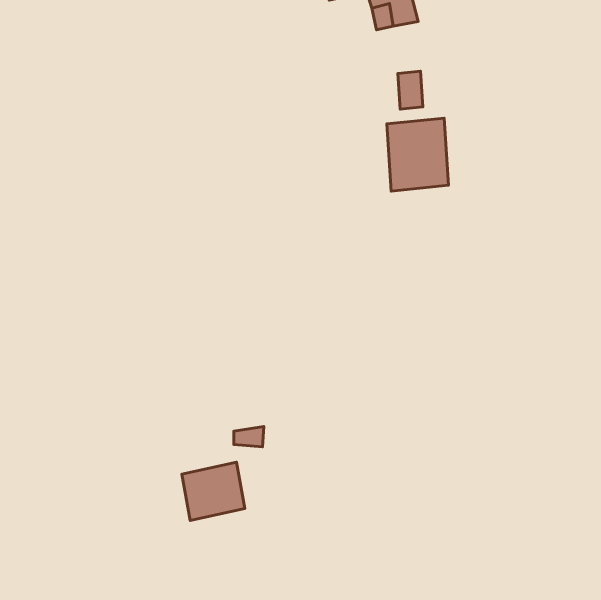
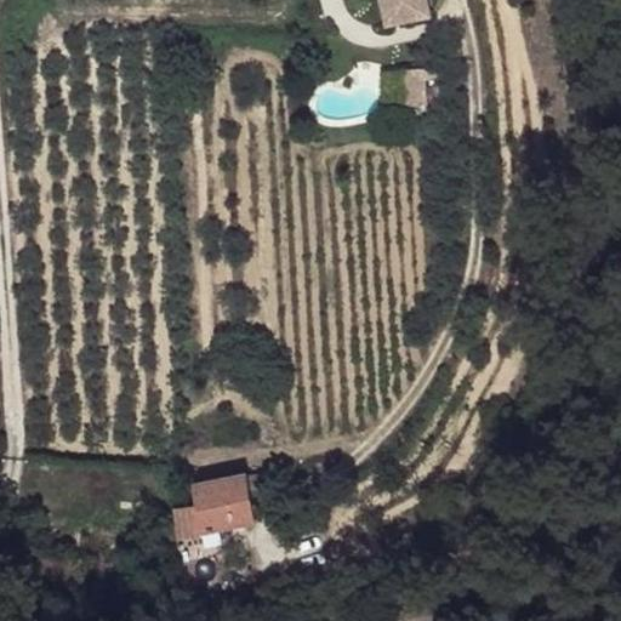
building: [387,118,449,191] -> none

